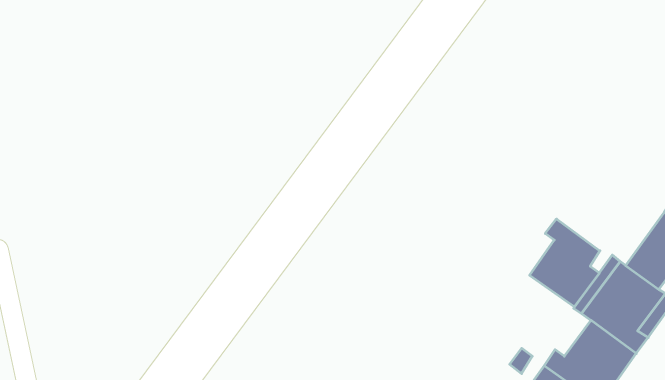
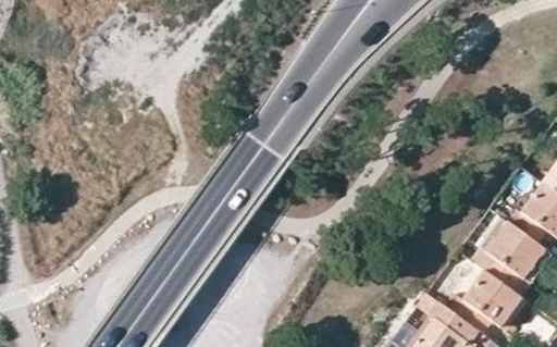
building: [530,219,600,307] -> none

